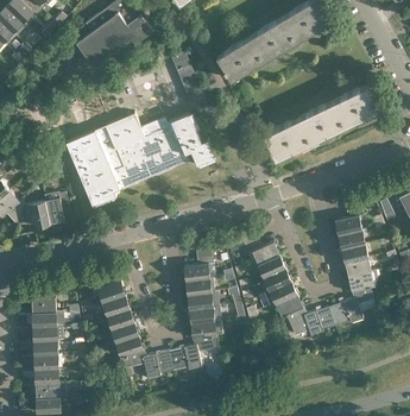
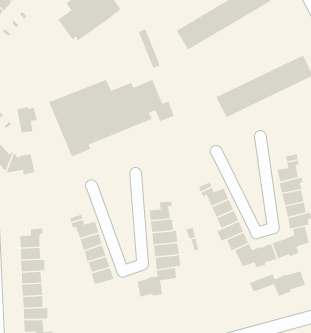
building: [43,193,68,225] -> [16,106,37,133]
building: none -> [249,270,306,297]
building: [119,351,172,380] -> none

